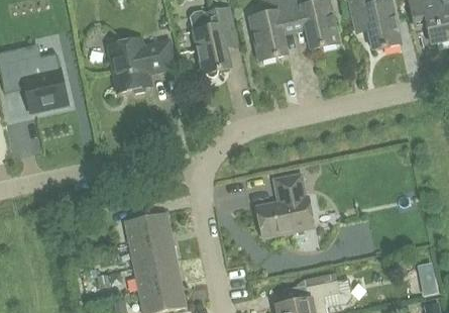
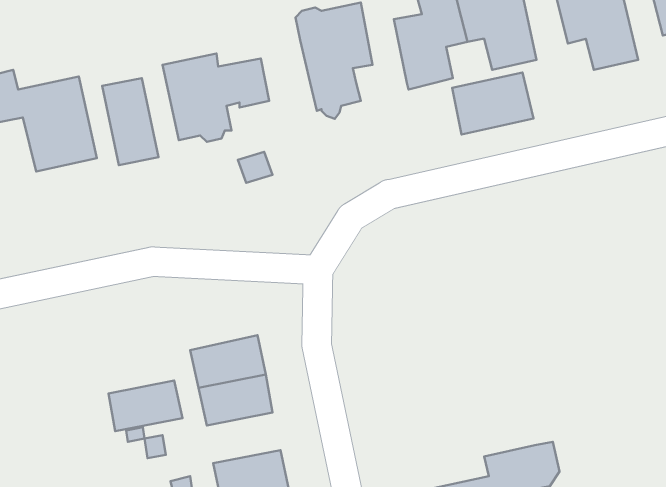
building: none -> [452,72,534,135]
building: none -> [102,78,159,165]
building: [256,174,315,237] -> none
building: [135,259,181,291] -> [109,380,182,431]

